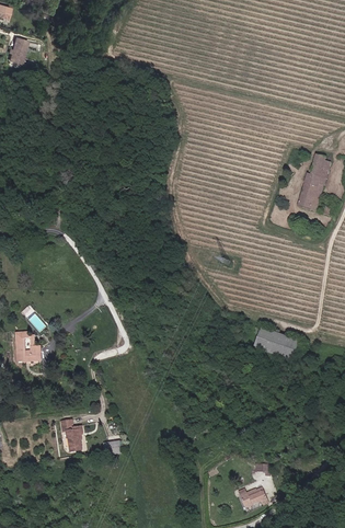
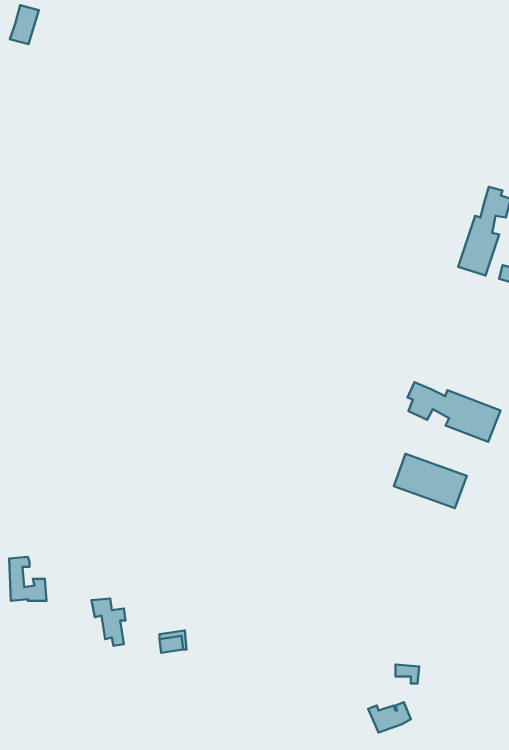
building: none -> [408,382,501,442]
building: [16,332,41,360] -> [9,557,46,601]

